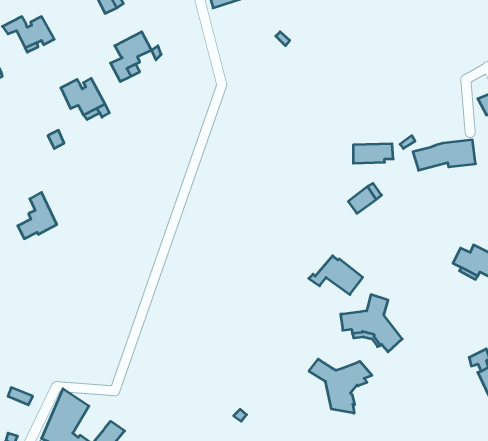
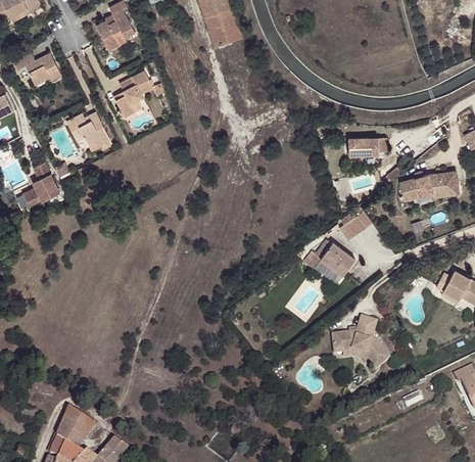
building: [353,144,393,163] -> [350,137,388,155]
building: [18,192,57,239] -> [21,161,58,205]
building: [309,256,363,295] -> [303,240,354,277]
building: [309,359,372,413] -> none

